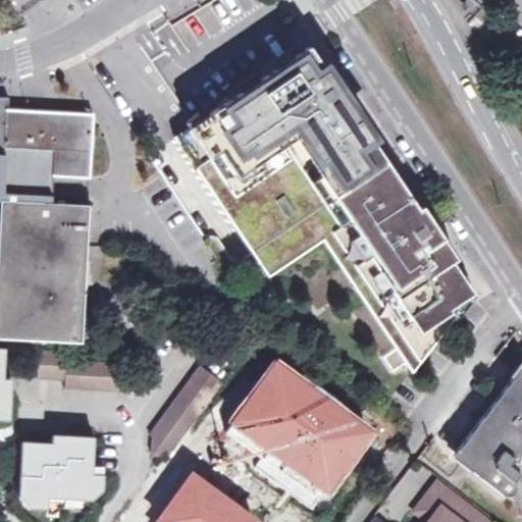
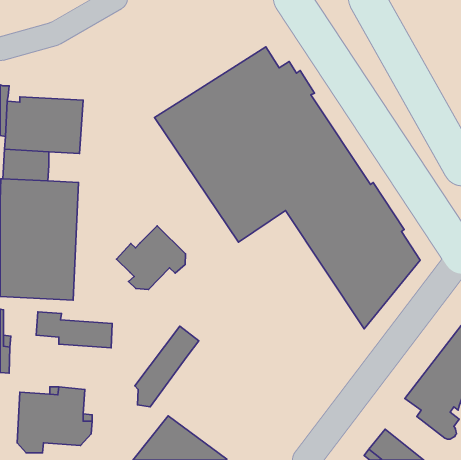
building: none -> [116,226,185,289]
building: [228,360,373,497] -> none

